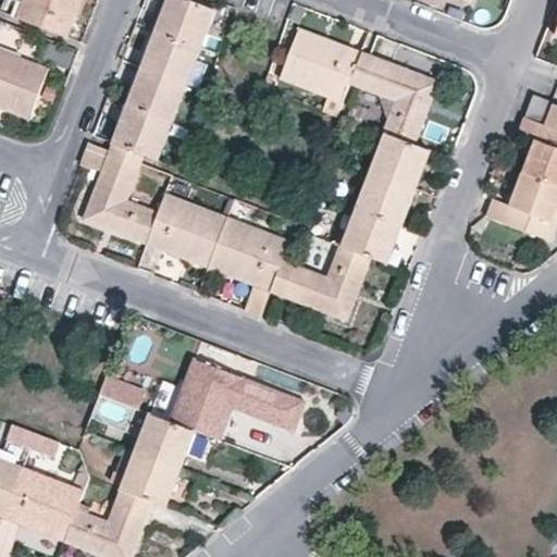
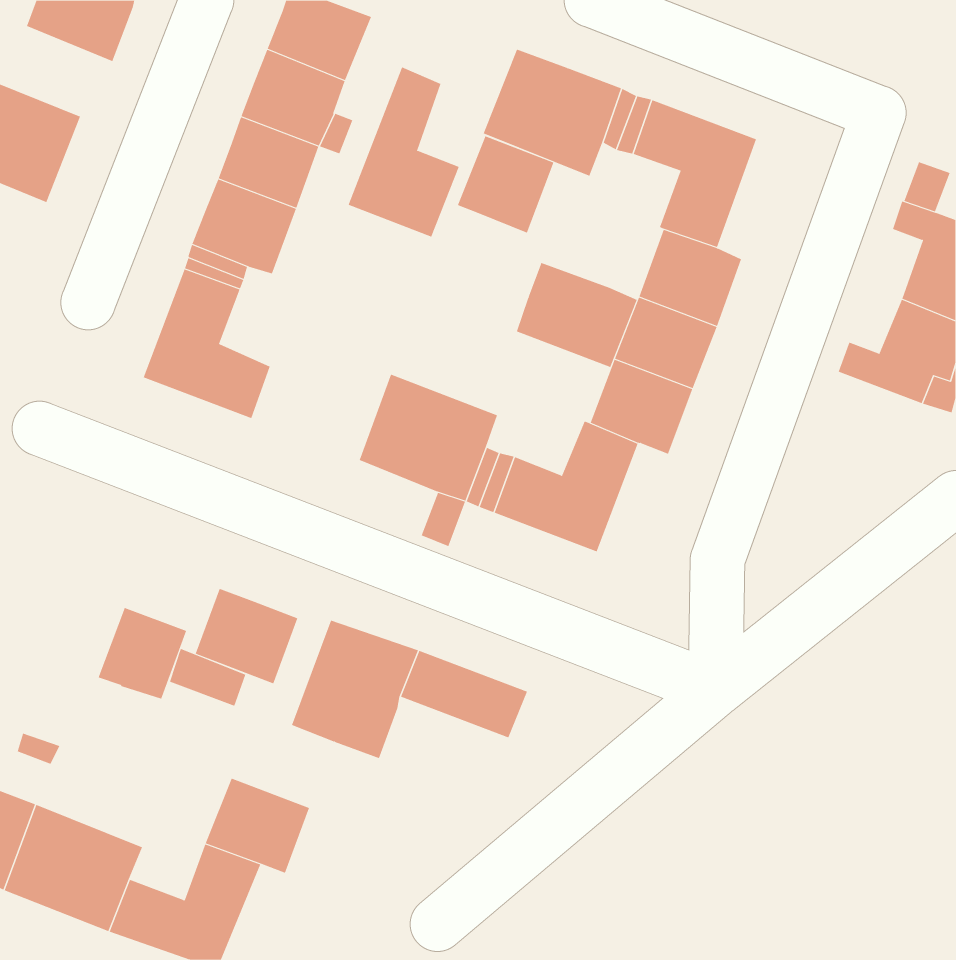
building: none -> [348,67,460,238]
building: none -> [457,135,554,234]
building: none -> [516,262,637,368]
building: [146,194,226,267] -> none
building: none -> [98,607,187,699]
building: [134,412,194,468] -> [195,588,298,684]

